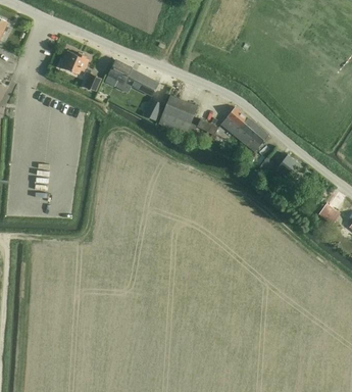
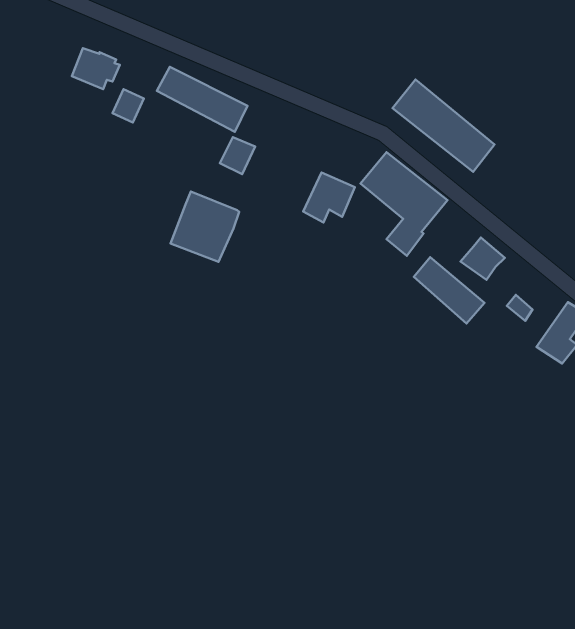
building: none -> [392,80,494,172]
building: [158,95,196,134] -> [171,192,239,262]
building: none -> [414,257,485,324]

